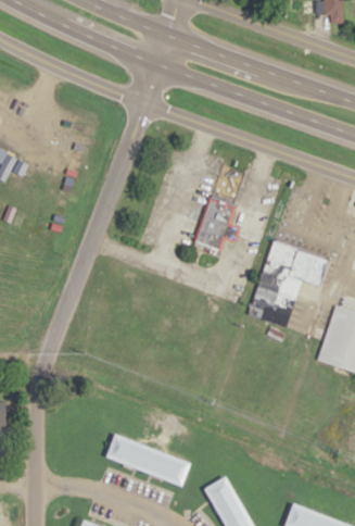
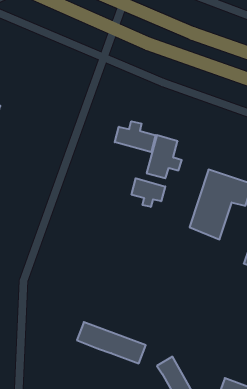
building: none -> [115,121,156,152]
building: none -> [132,178,165,207]

